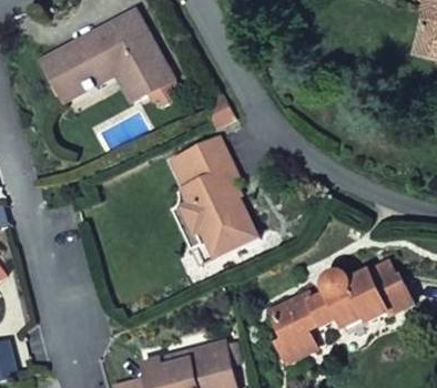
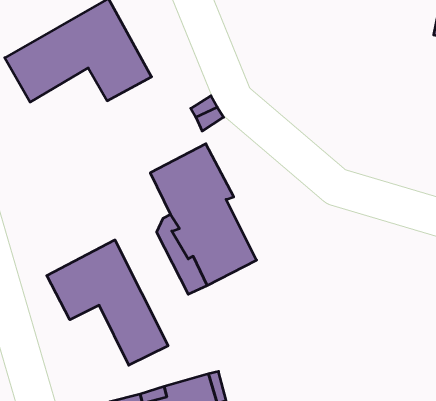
building: none -> [47,240,168,365]
building: [264,248,405,360] -> none

